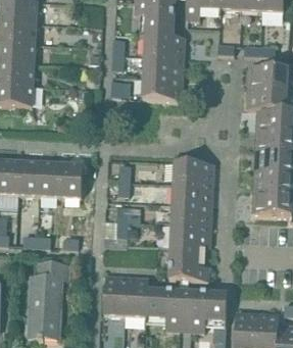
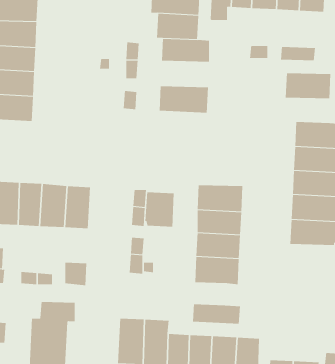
building: [141,55,184,78] -> none
building: [247,87,287,108] -> none
building: none -> [145,191,174,227]
building: [169,245,198,264] -> none

